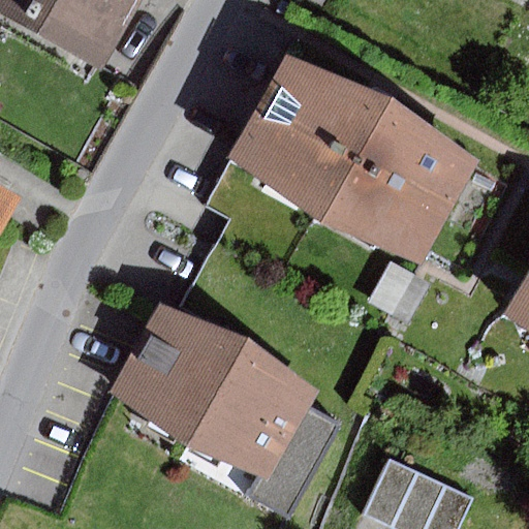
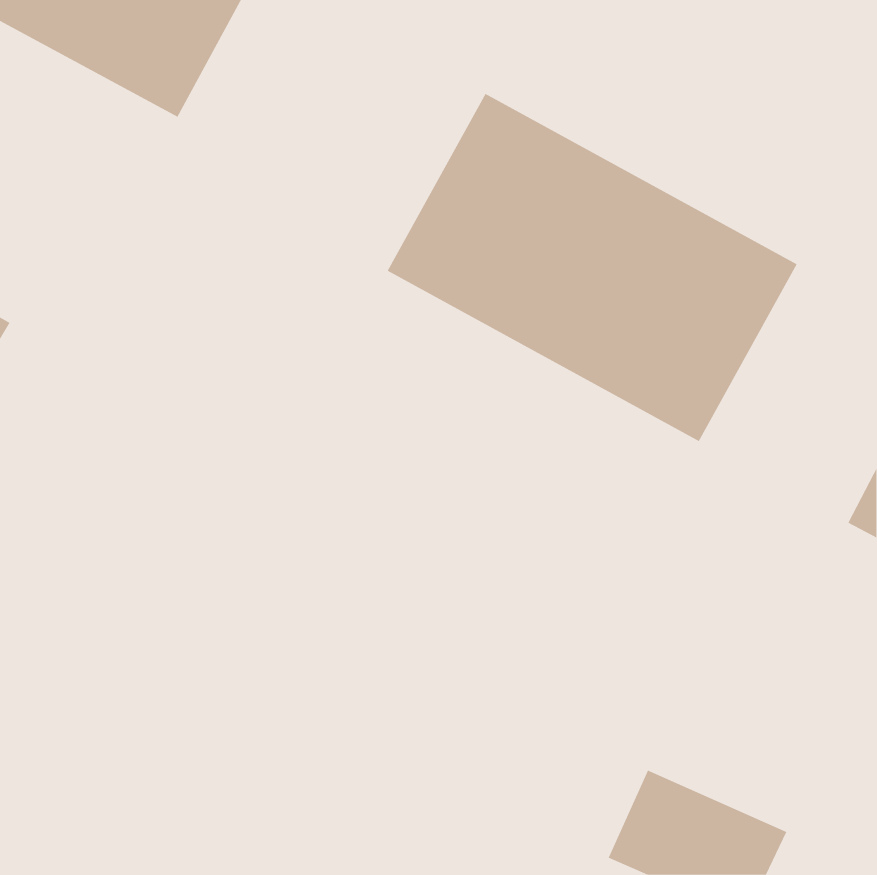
building: [112,305,336,511] -> none

